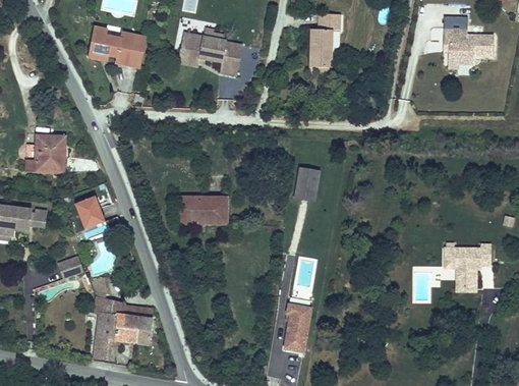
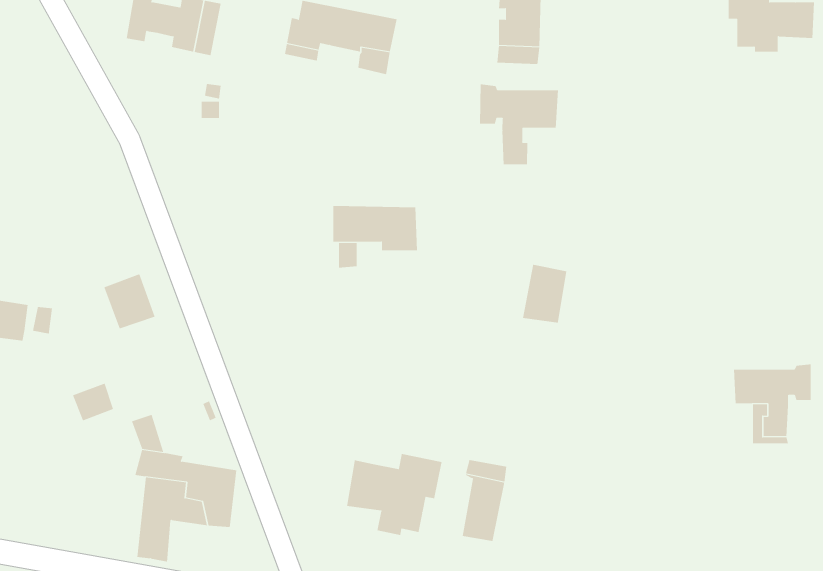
building: none -> [479,84,559,165]
building: [24,133,66,170] -> none
building: [294,166,321,201] -> [522,264,567,323]
building: [178,196,228,222] -> [332,205,418,251]
building: none -> [347,453,442,536]

